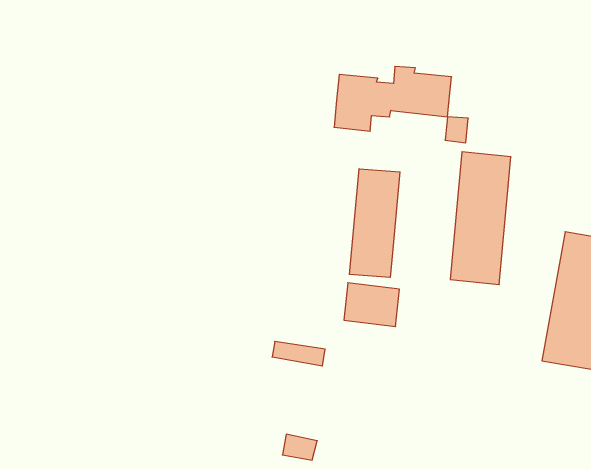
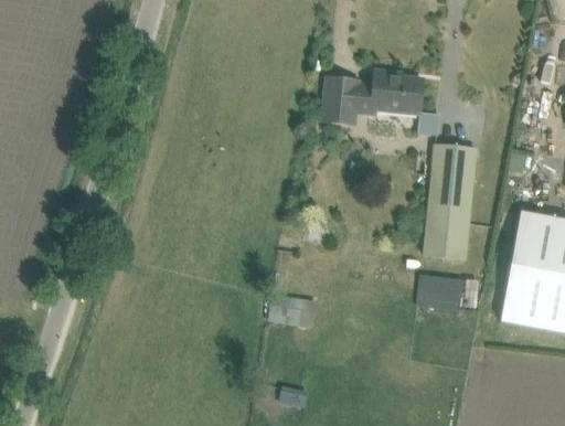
building: [349,169,400,277] -> none
building: [344,283,399,327] -> [416,274,463,311]

